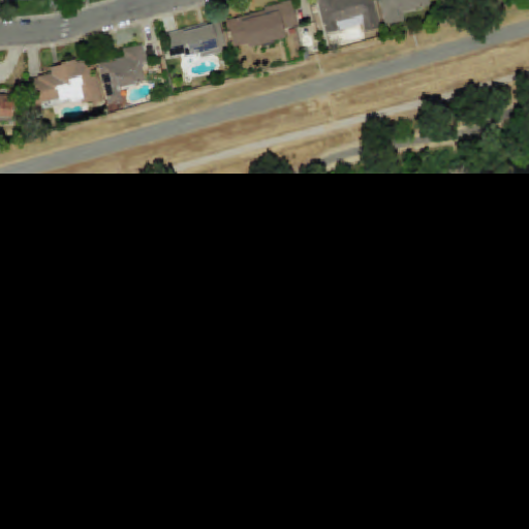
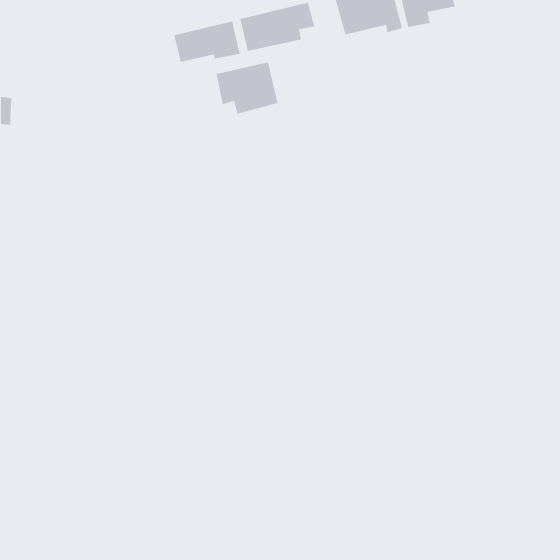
building: [98,43,148,103] -> none
building: [30,57,101,107] -> none
building: none -> [216,61,278,114]

